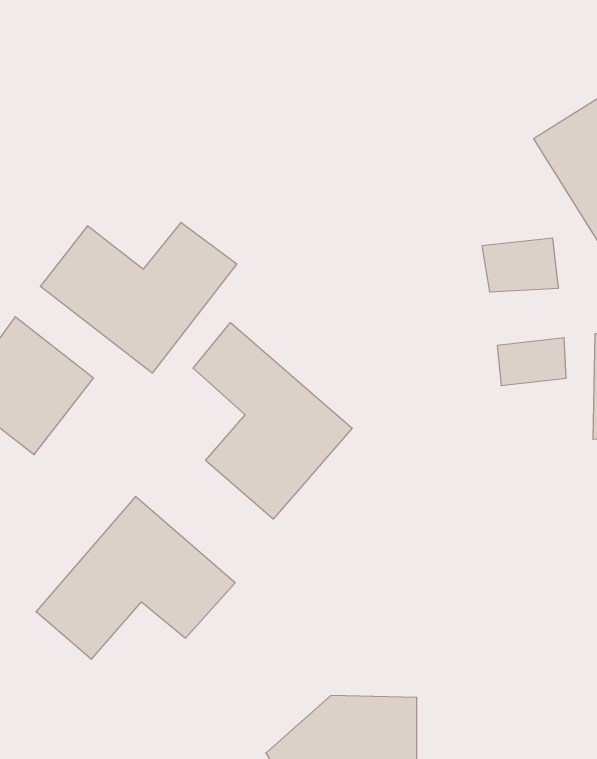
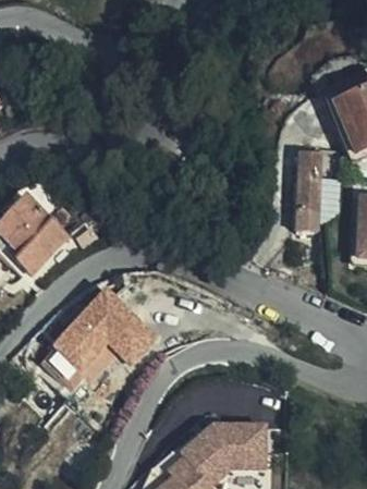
building: [40,222,237,373] -> none
building: none -> [297,180,340,212]
building: [193,323,352,519] -> none

